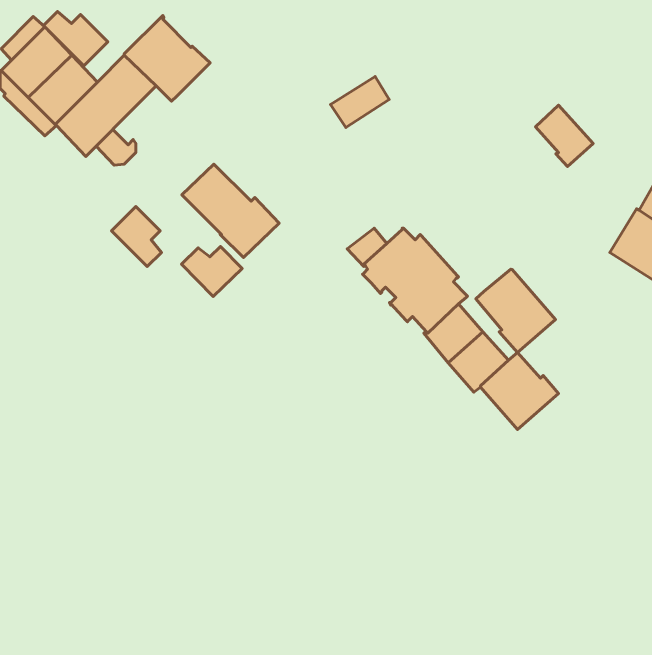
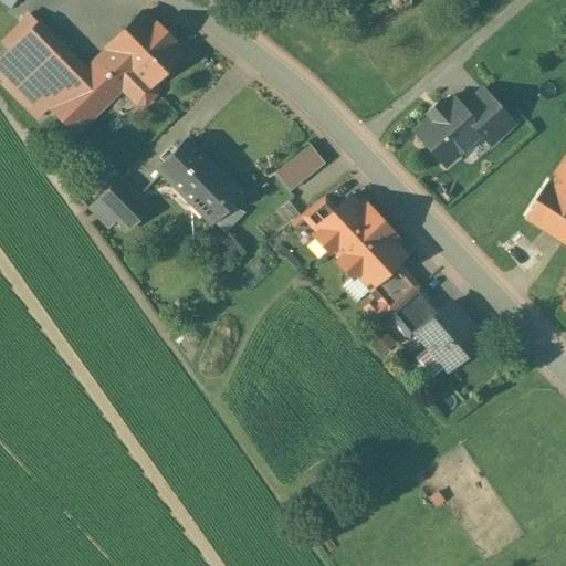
building: [44,12,108,66] -> none
building: [330,76,389,128] -> [282,142,333,186]
building: none -> [417,98,484,165]
building: [96,129,136,165] -> [123,74,157,105]
building: [182,247,242,297] -> none
building: [476,269,555,352] -> none

